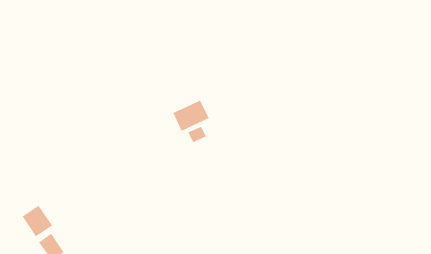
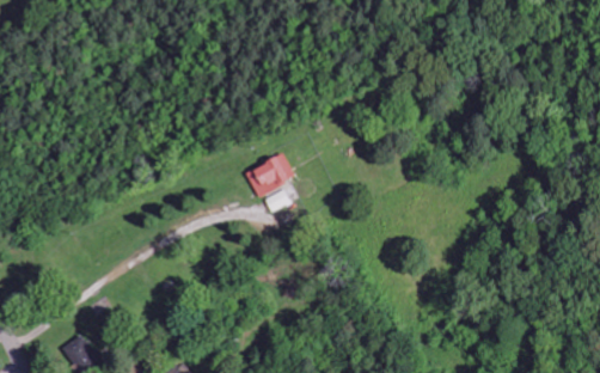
building: [22,205,53,237] -> none

